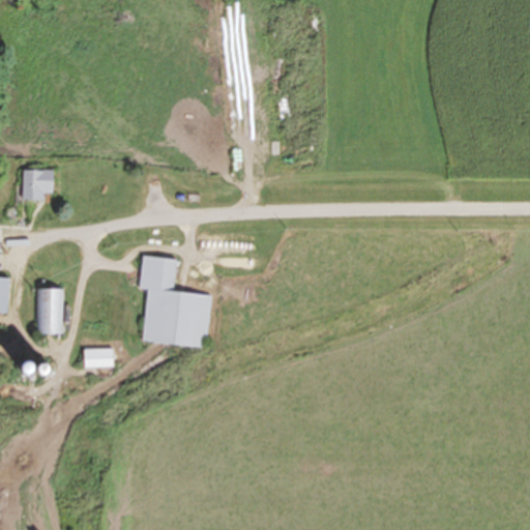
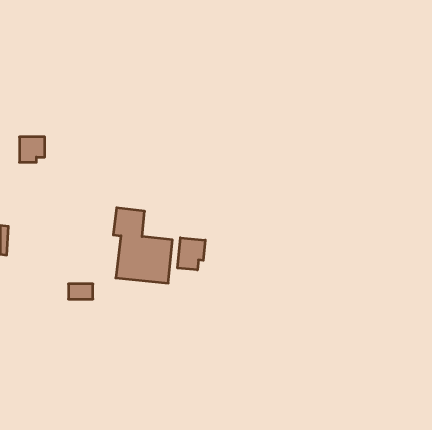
building: [35,289,61,332] -> none
building: none -> [178,238,205,270]

